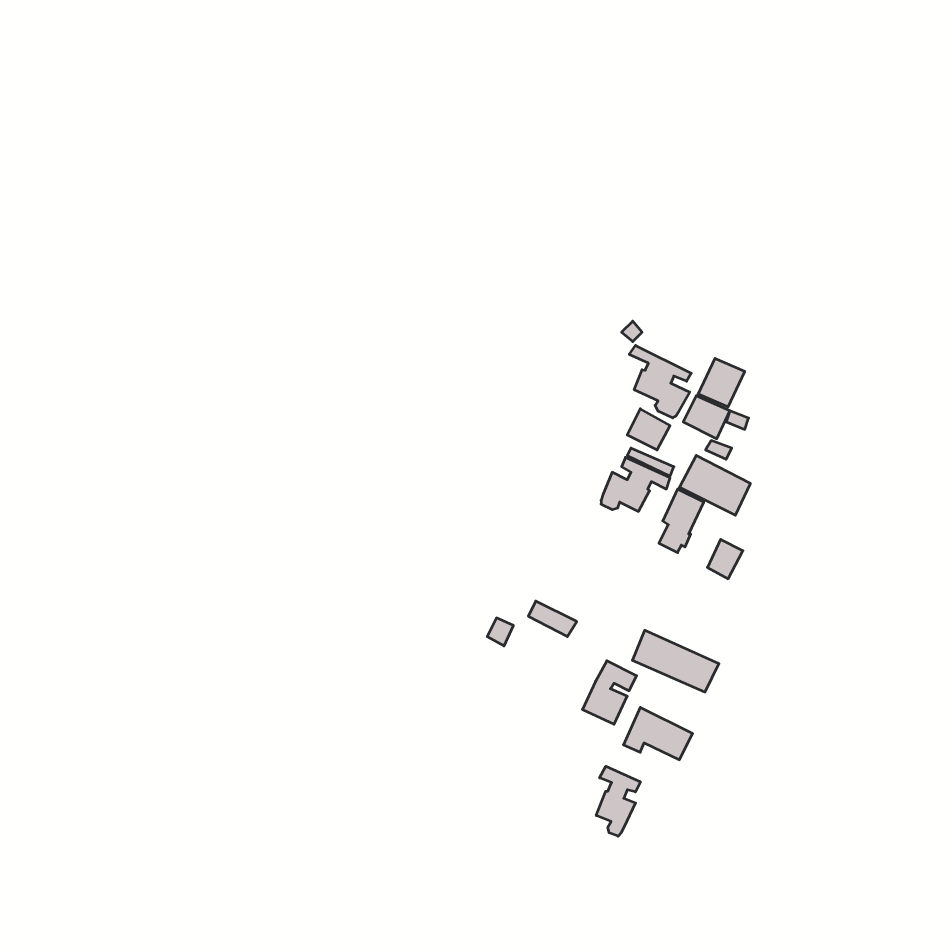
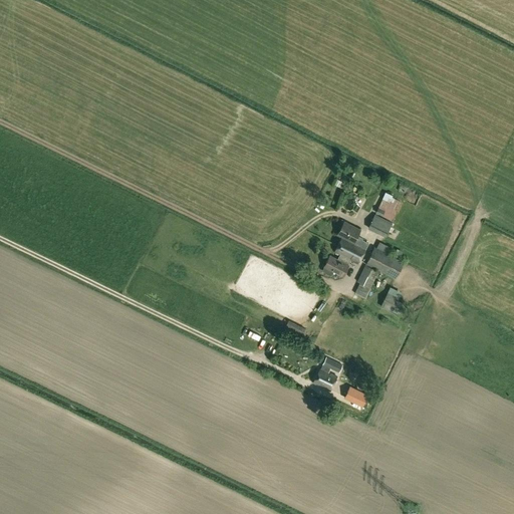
building: [629,345,691,418] -> none
building: [632,630,719,692] -> none
building: [596,766,640,836] -> none

